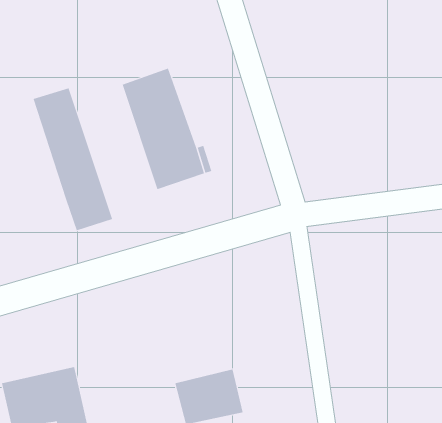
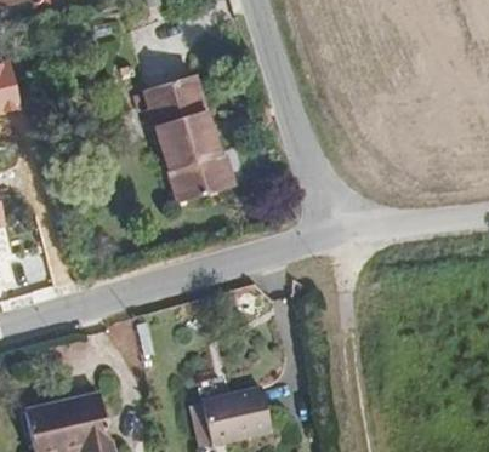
building: [33,87,113,231] -> none

